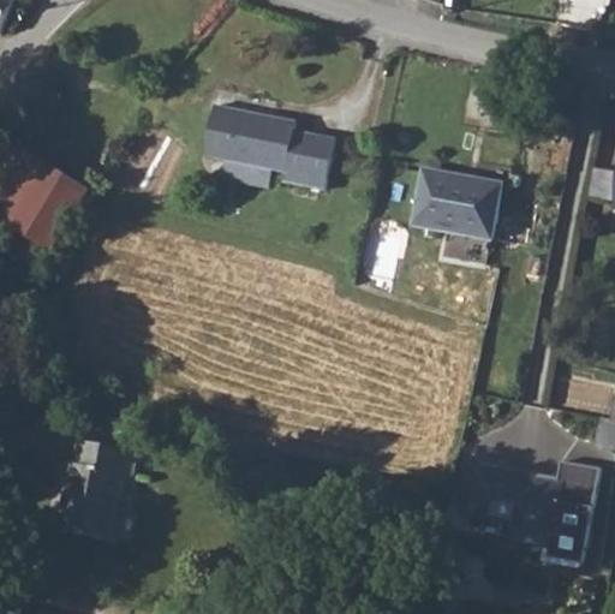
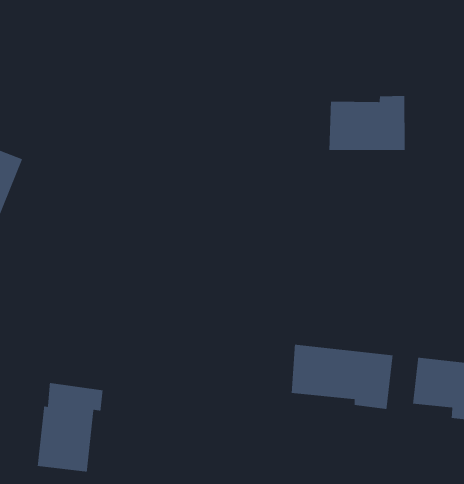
building: [202,105,333,195] -> none
building: none -> [291,344,394,410]

